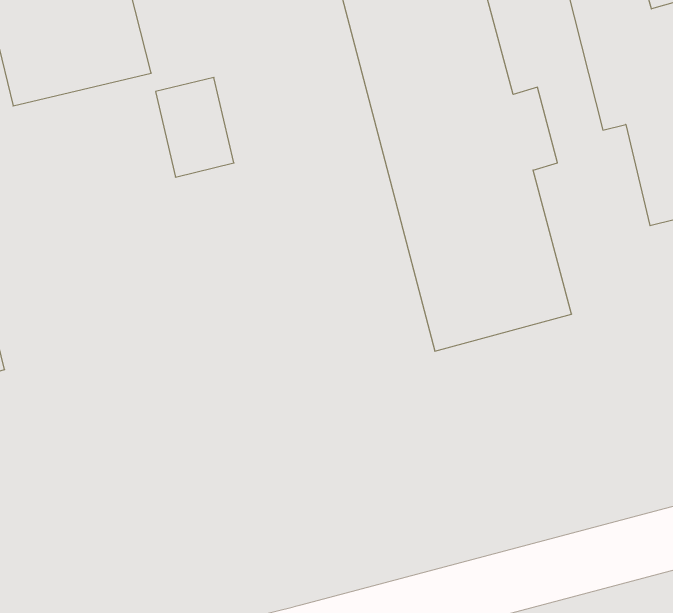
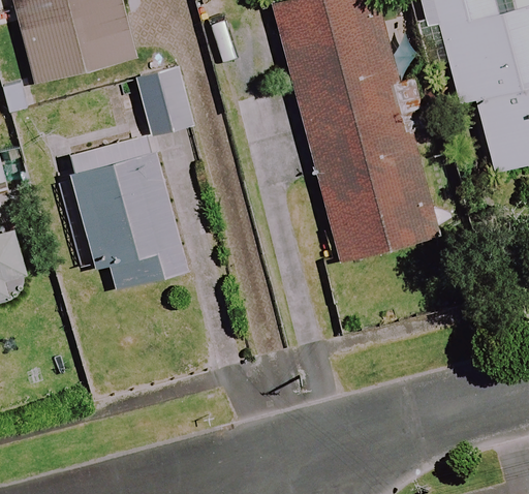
building: none -> [53,135,187,289]

